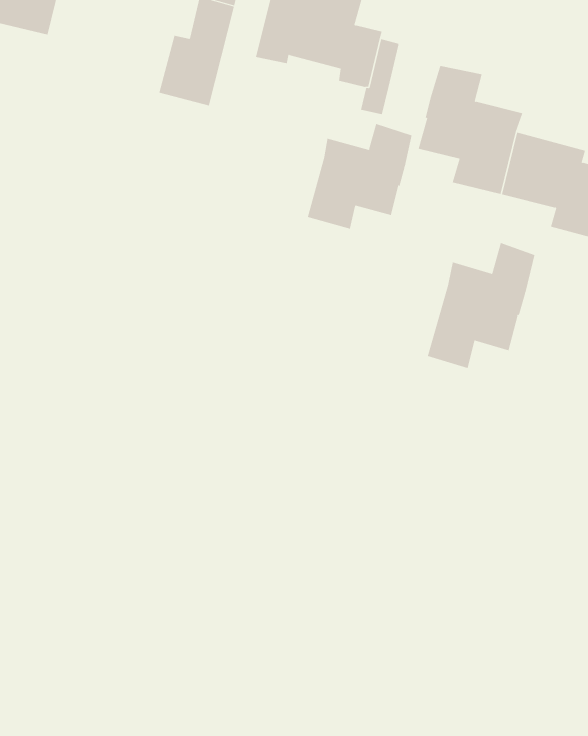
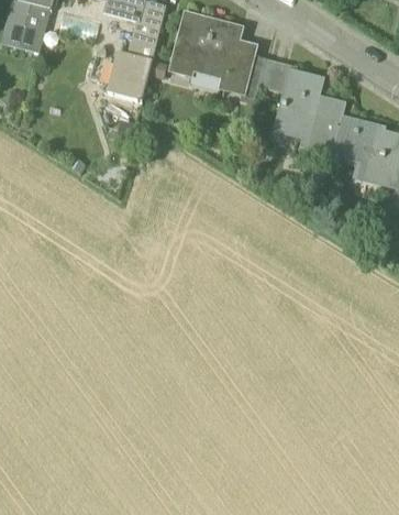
building: none -> [258,58,293,92]
building: [307,123,413,230] -> none
building: [427,242,536,369] -> none

